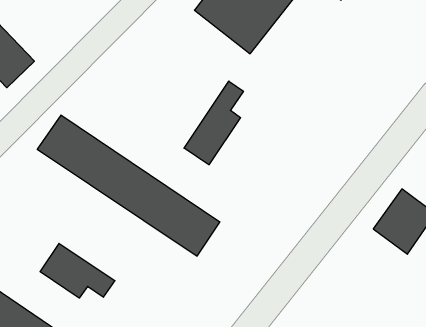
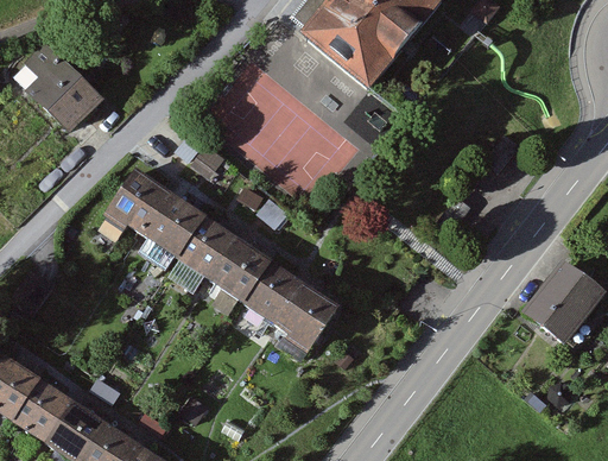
building: [184,81,243,165] -> none
building: [40,243,115,298] -> none

